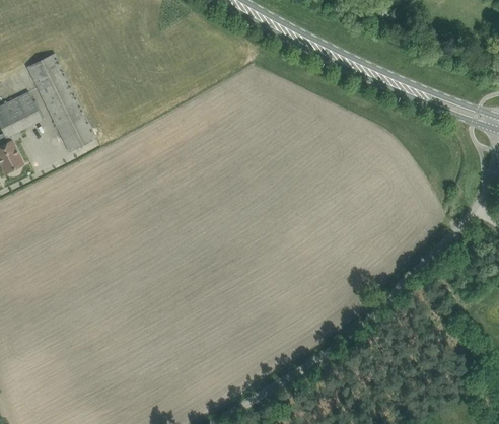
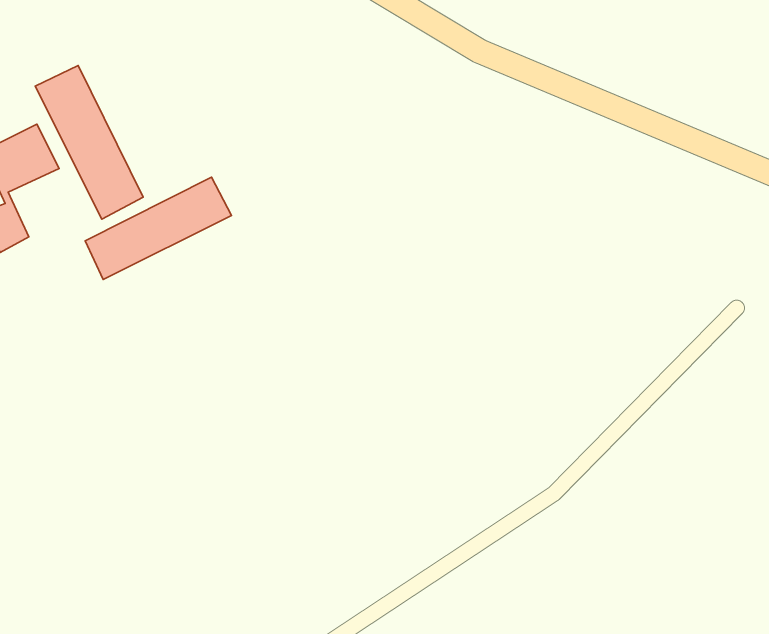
building: none -> [85,177,231,280]

